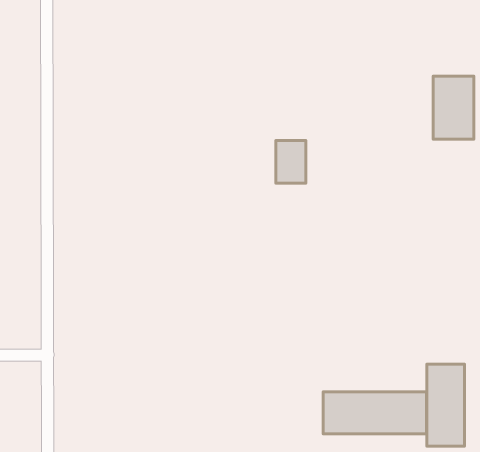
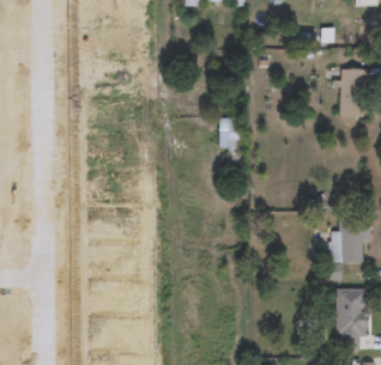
building: none -> [329,219,370,262]
building: [323,392,427,434] -> none

